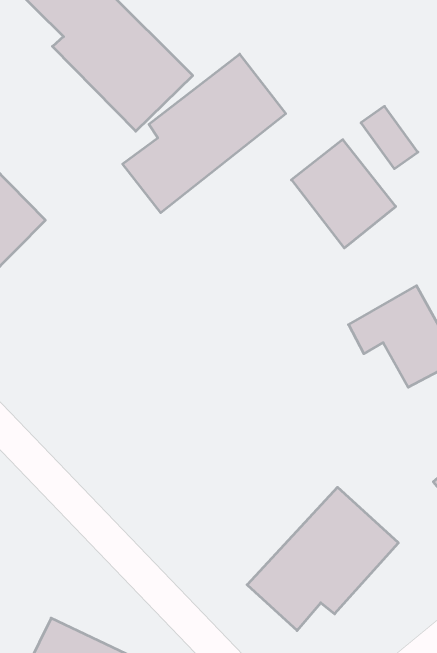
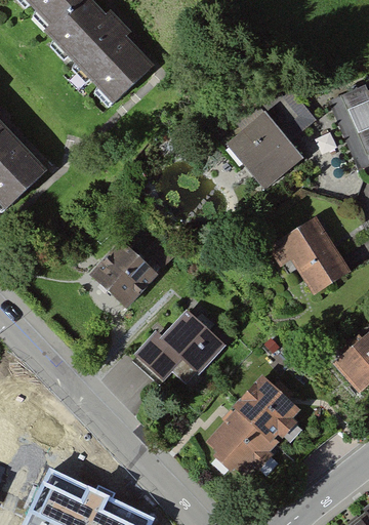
building: [123,54,286,213] -> none
building: none -> [90,238,162,310]
building: none -> [131,309,227,382]

